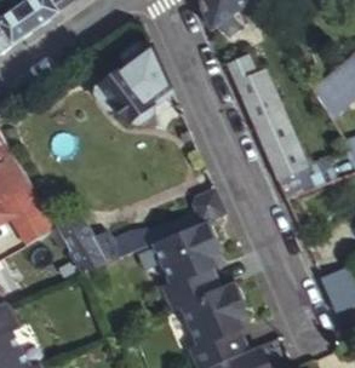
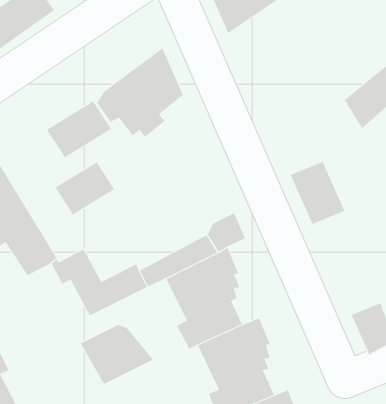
building: [223,53,292,156] -> none
building: none -> [46,101,112,158]
building: none -> [55,161,115,215]
building: none -> [80,324,154,385]

